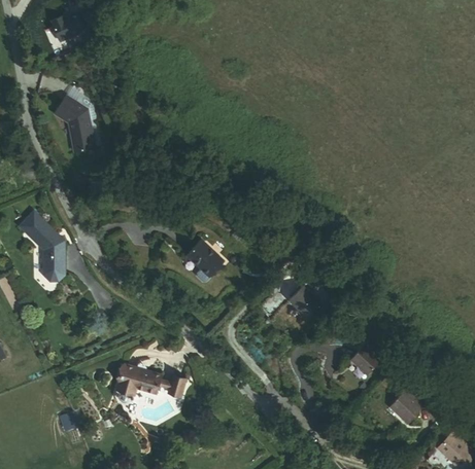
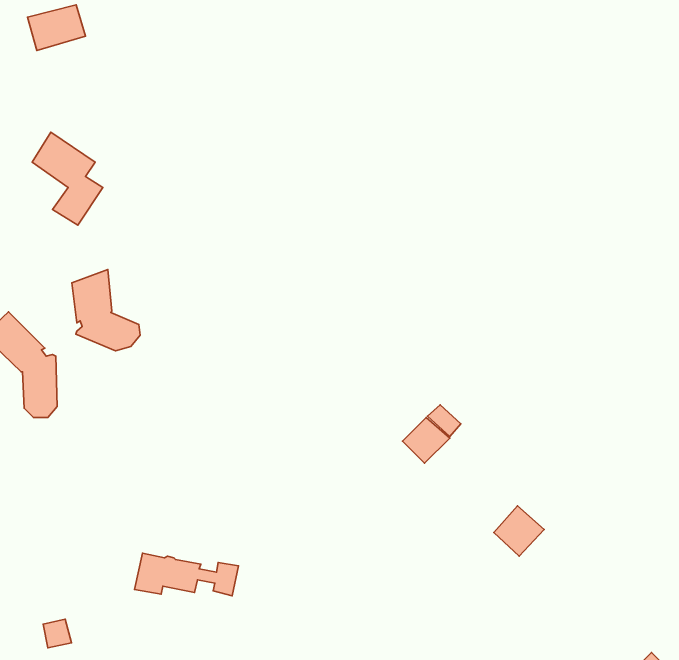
building: none -> [72,270,140,351]
building: [191,237,228,275] -> none
building: [388,392,421,425] -> none

